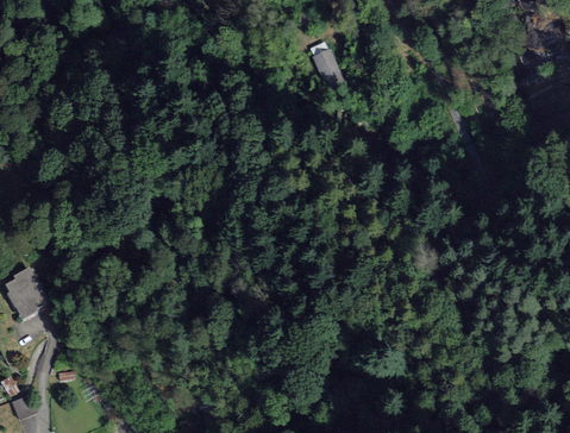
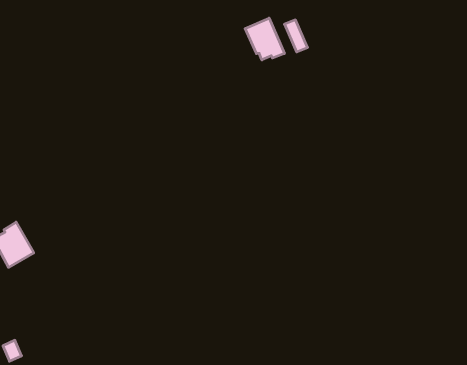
building: none -> [245,18,284,60]

